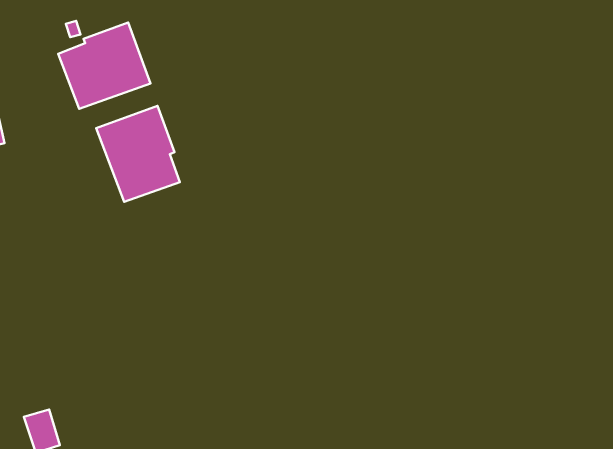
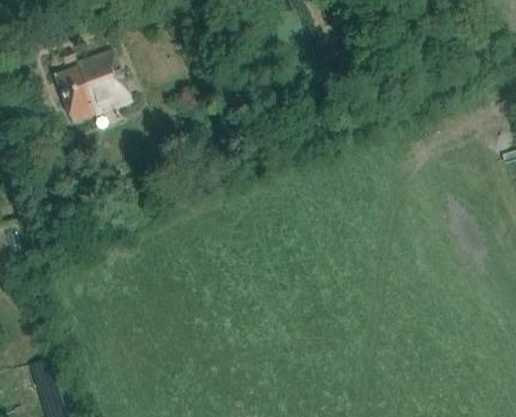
building: [96,106,180,202] -> none

